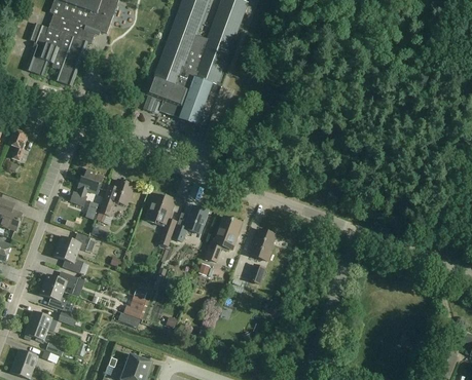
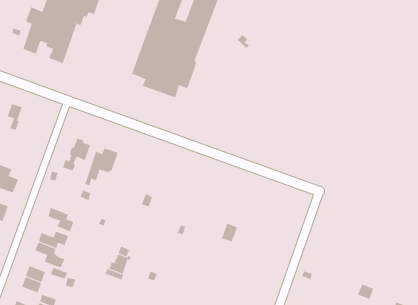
building: [144,194,175,225] -> none
building: [172,205,208,242] -> none
building: [204,217,241,262] -> none
building: [248,229,276,261] -> none
building: [57,233,90,254] -> none

